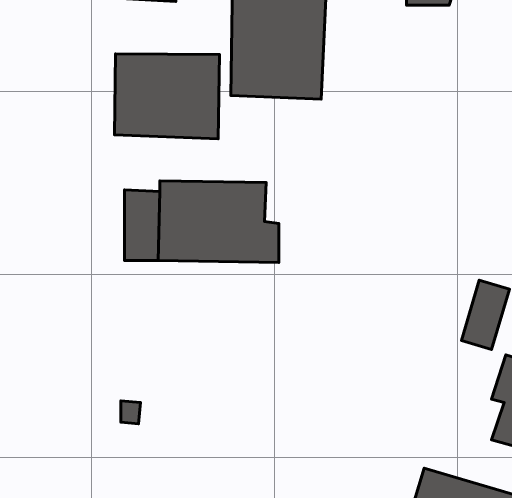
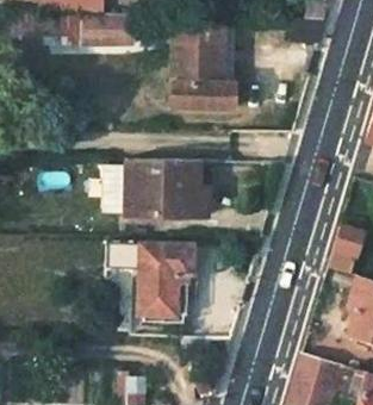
building: [114,54,219,139] -> none
building: none -> [132,245,192,324]

